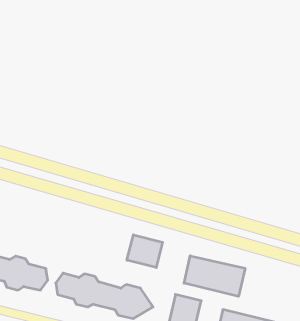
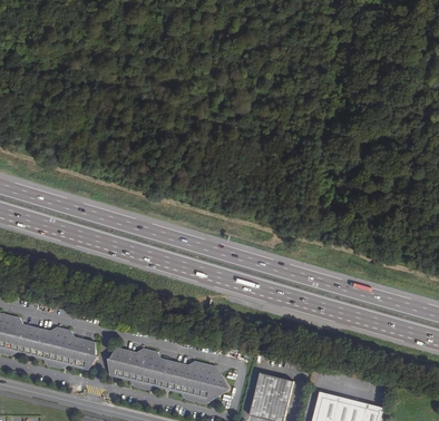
building: [127,235,163,268] -> none
building: [184,256,245,296] -> none

